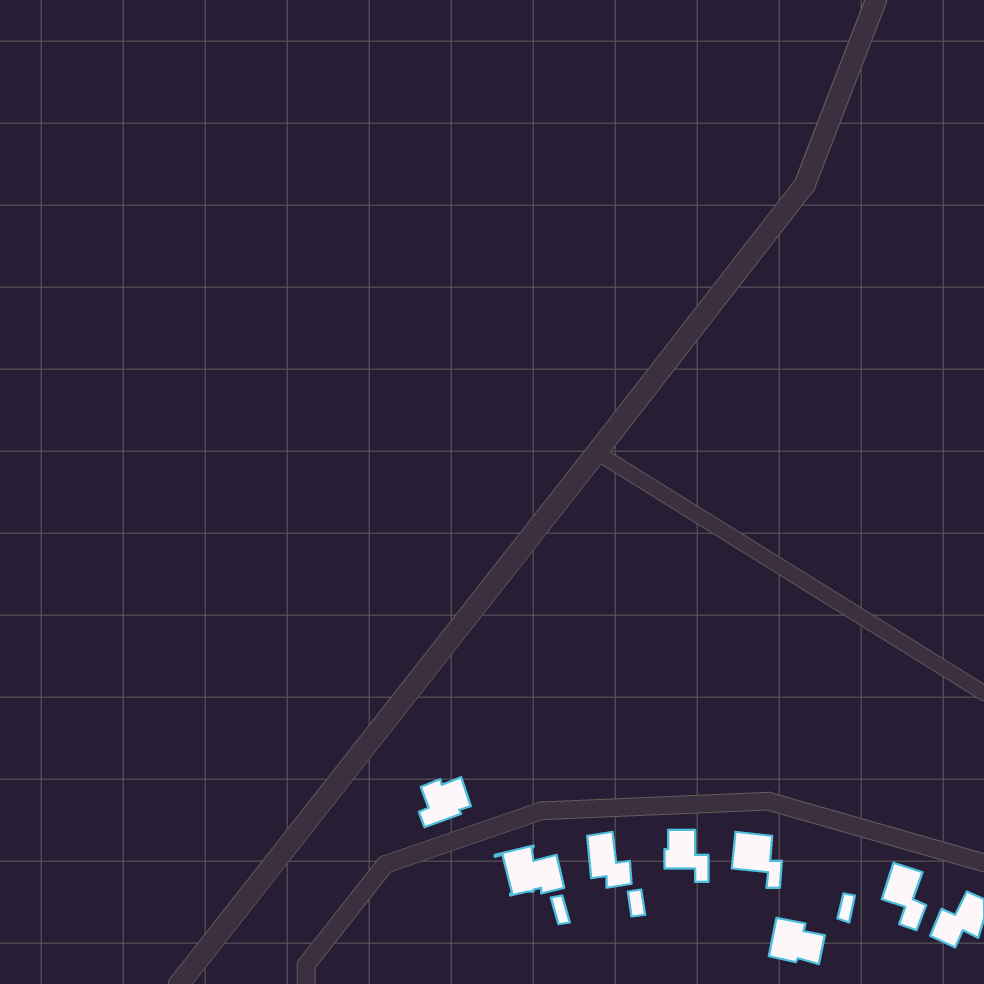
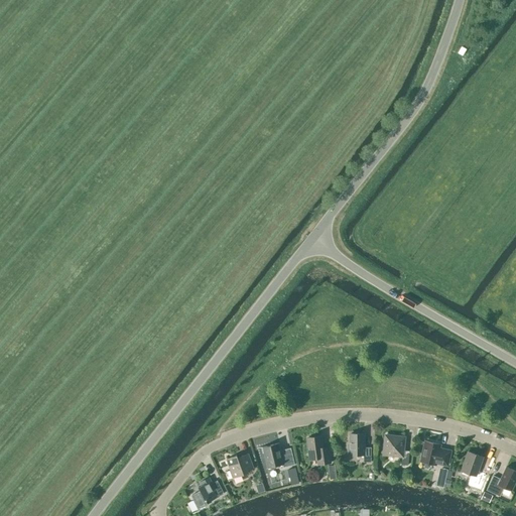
building: [419,777,471,827] -> [226,454,253,480]
building: none -> [191,477,224,509]
building: [769,918,825,964] -> [421,441,450,466]

